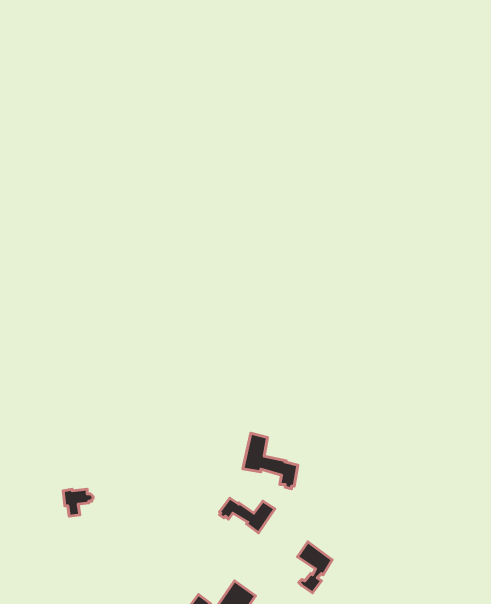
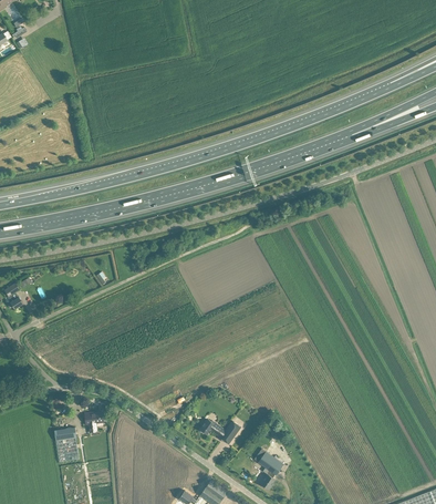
building: [243,433,298,489] -> none
building: none -> [54,426,80,462]

